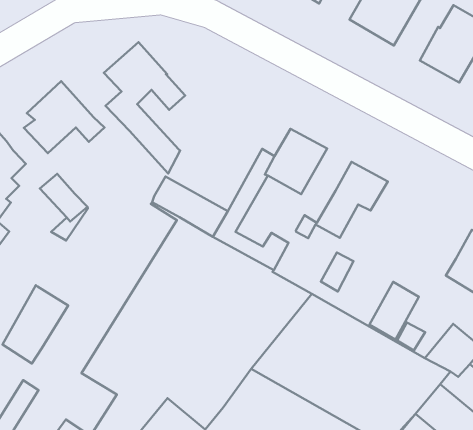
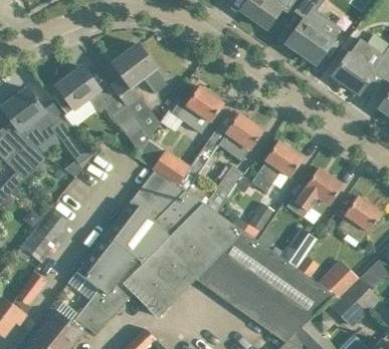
building: none -> [167,86,223,133]
building: none -> [111,105,150,152]
building: none -> [286,168,342,218]

